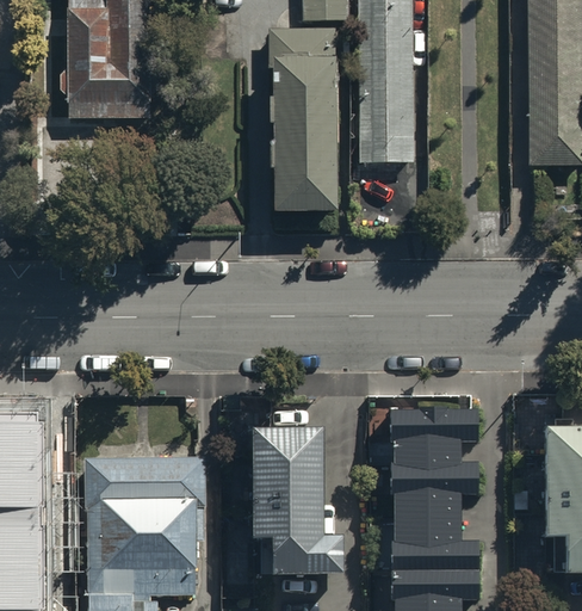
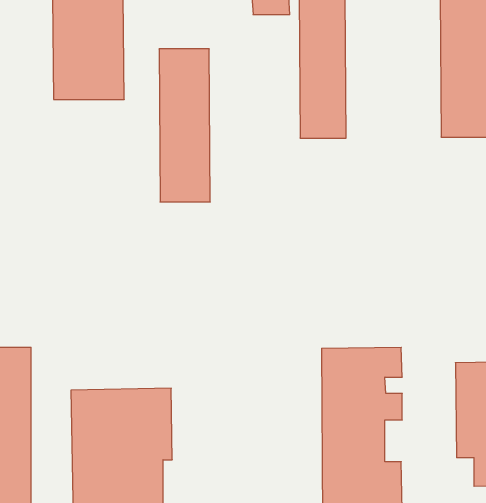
building: [277,33,336,212] -> [159,49,210,202]
building: [256,425,347,570] -> none

